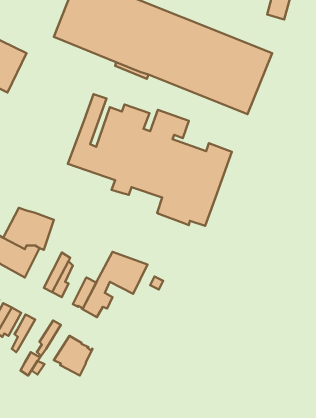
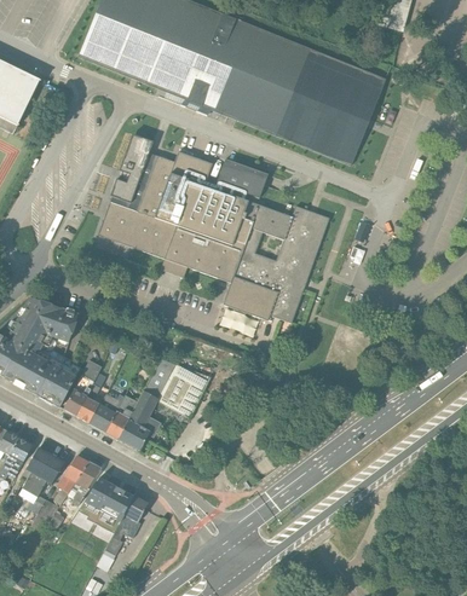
building: none -> [38,353,81,406]
building: none -> [90,393,123,432]
building: none -> [22,453,65,514]
building: none -> [68,461,100,505]
building: none -> [97,494,149,571]

